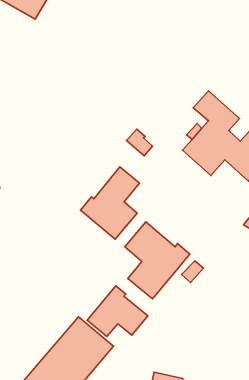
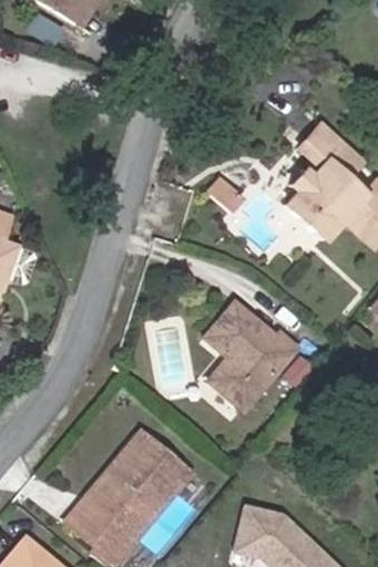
building: [81,167,139,239] -> none
building: [87,286,148,336] -> none

